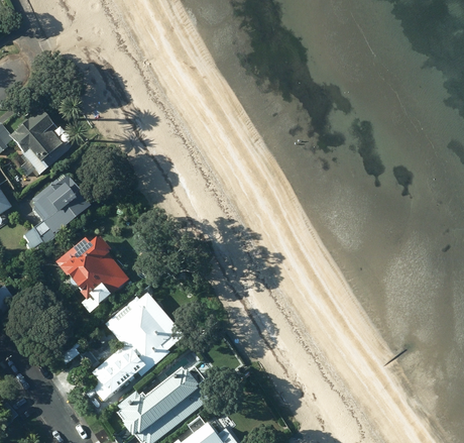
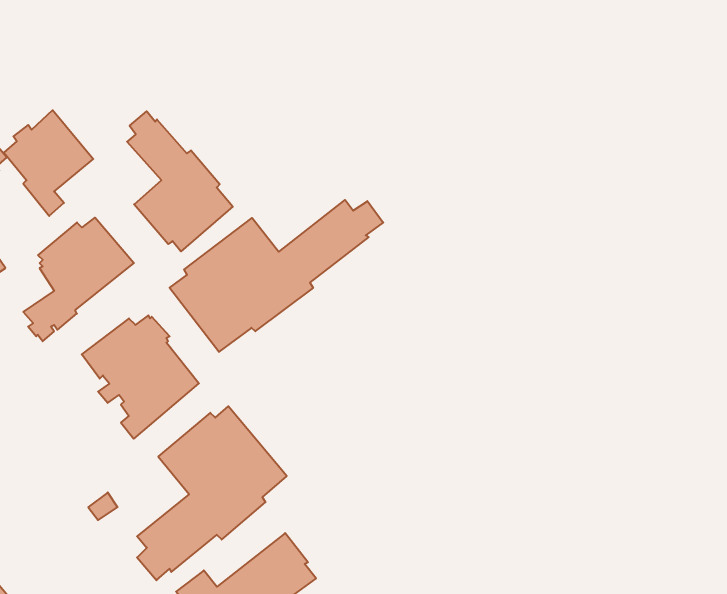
building: none -> [127,111,233,251]
building: none -> [170,200,383,352]

